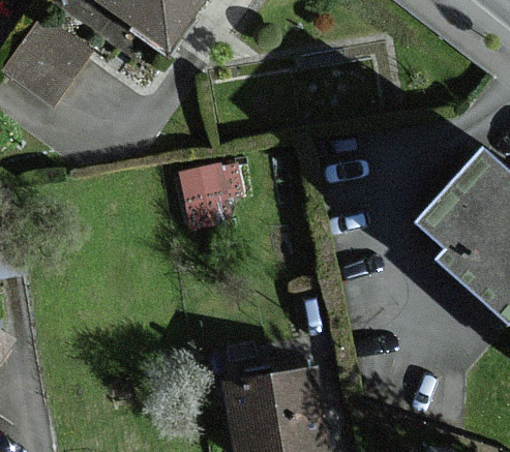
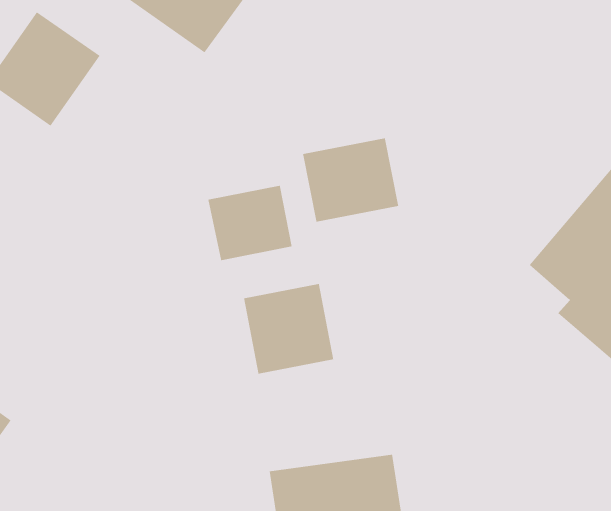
building: none -> [303,138,399,222]
building: none -> [243,283,334,375]

